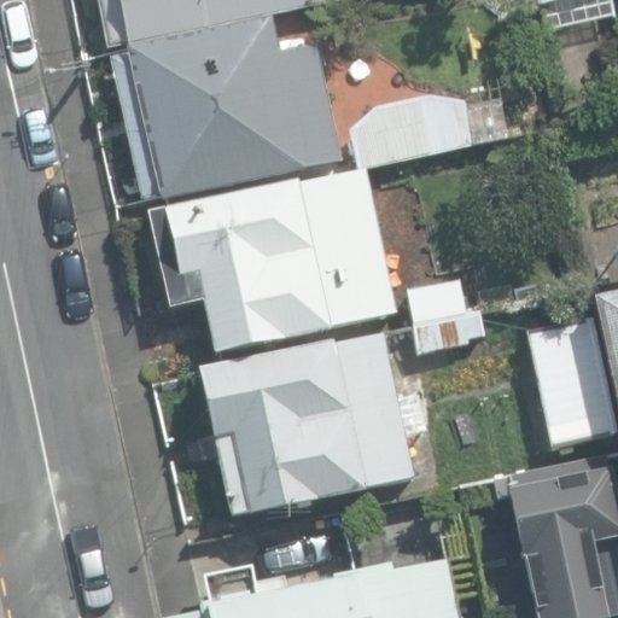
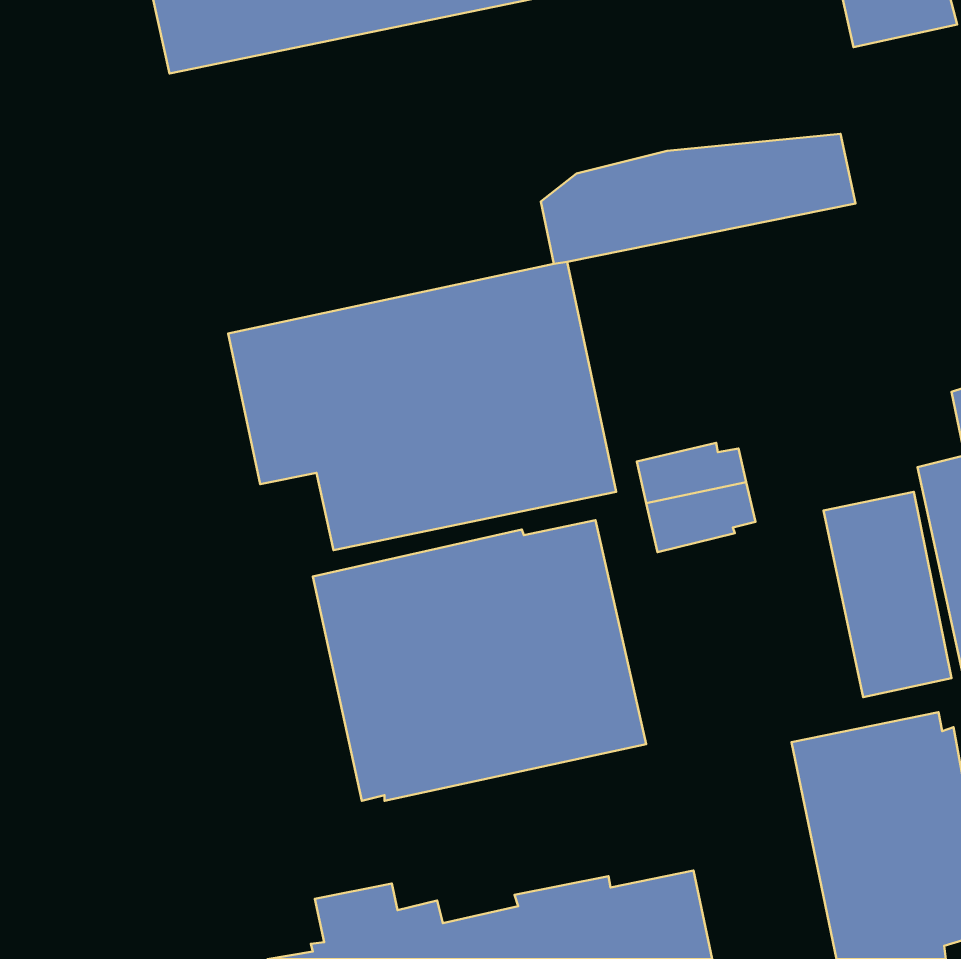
building: [112,16,343,200] -> none

